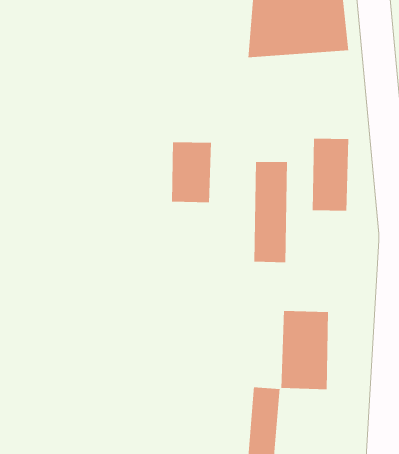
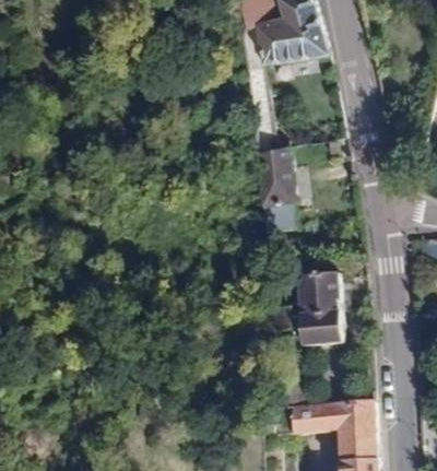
building: [312,138,349,212] -> none
building: [171,142,212,203] -> none

